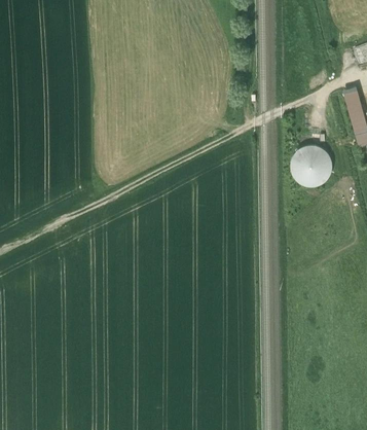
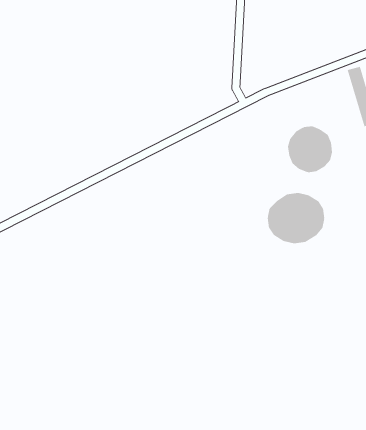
building: none -> [267,192,325,244]

